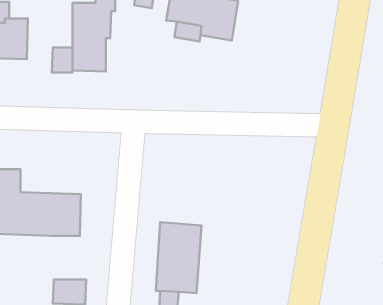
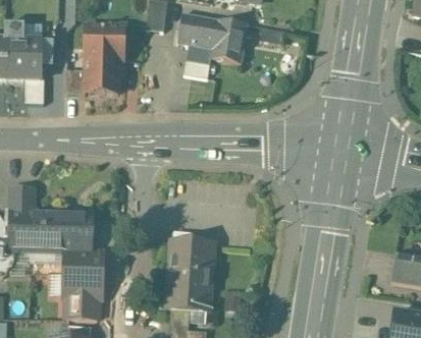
building: none -> [63,252,104,295]

